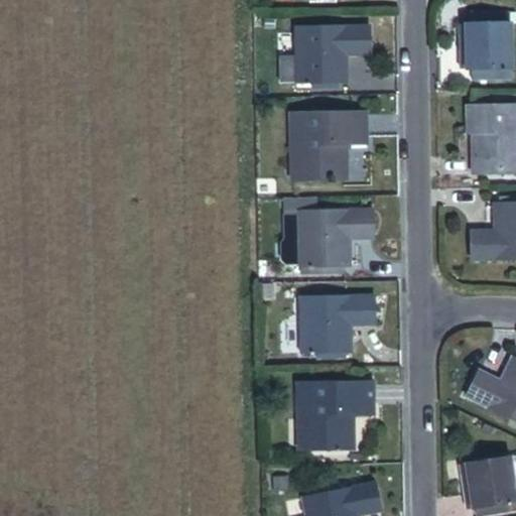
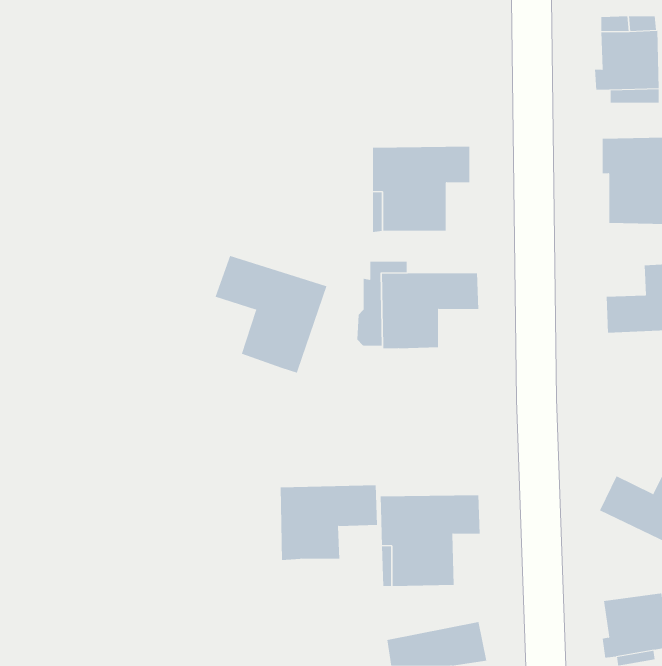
building: [297,25,371,82] -> none
building: none -> [215,255,327,374]
building: [299,296,375,355] -> [280,485,378,560]

